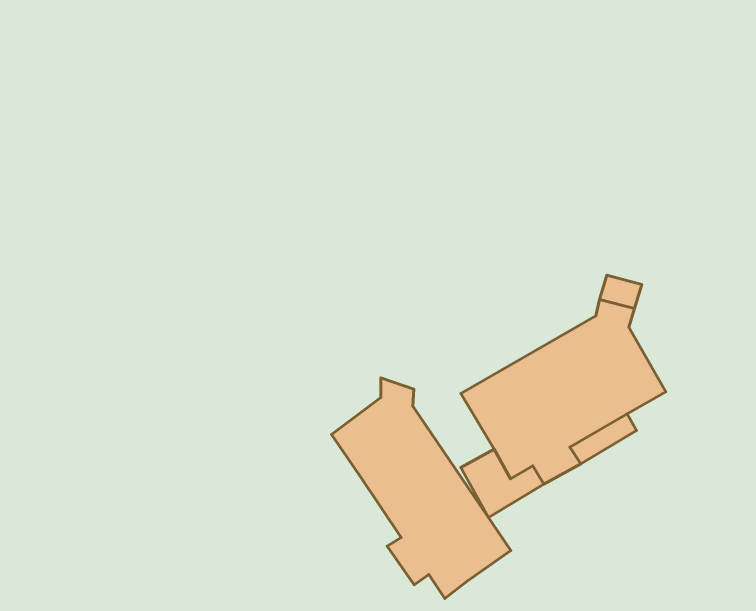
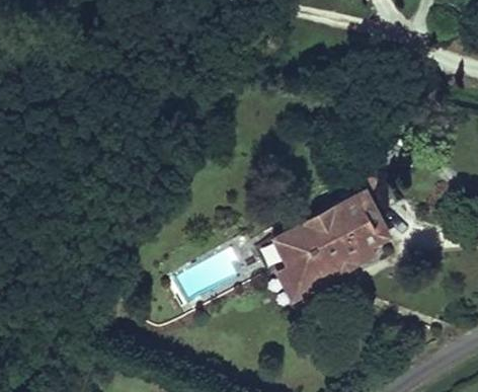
building: [332,378,511,598] -> none

